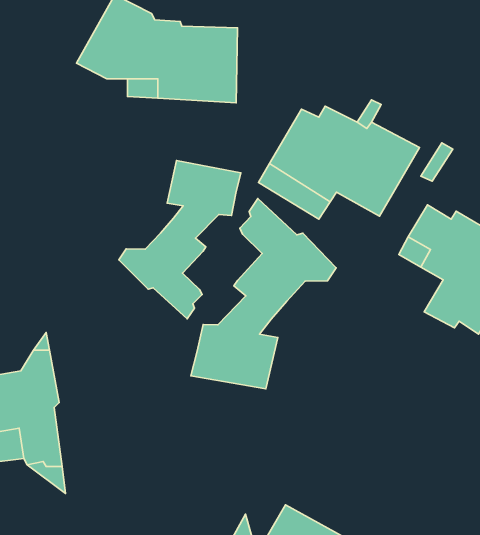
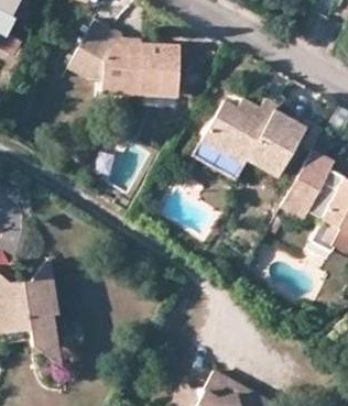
building: [119,161,241,319] -> none
building: [191,198,336,389] -> none

